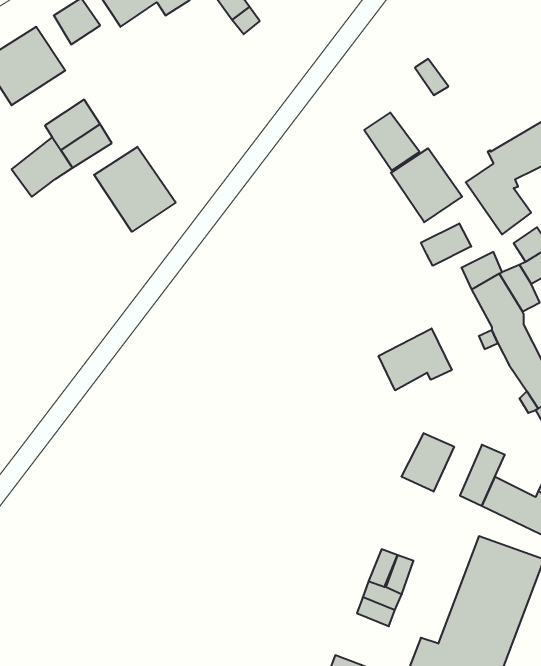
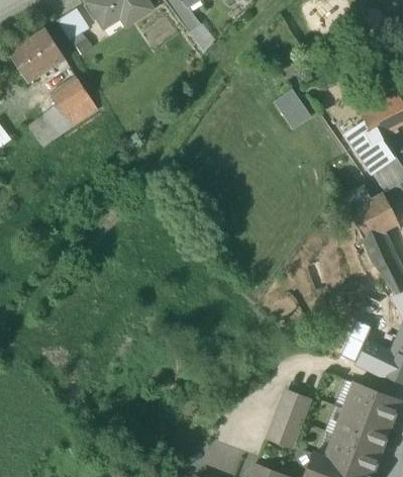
building: [94,147,176,232] -> none
building: [391,148,462,222] -> none
building: [421,223,471,266] -> none
building: [379,328,452,390] -> none
building: [401,433,454,492] -> none

